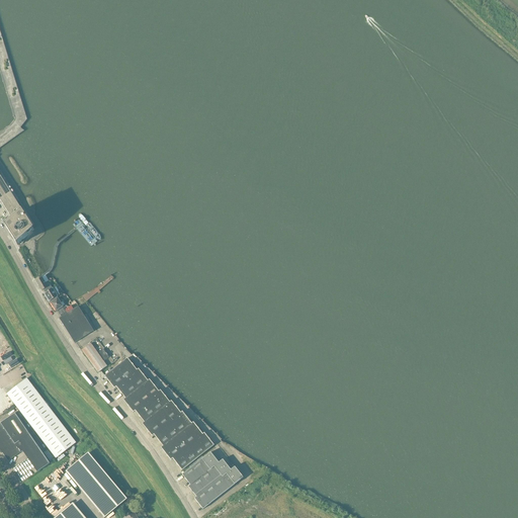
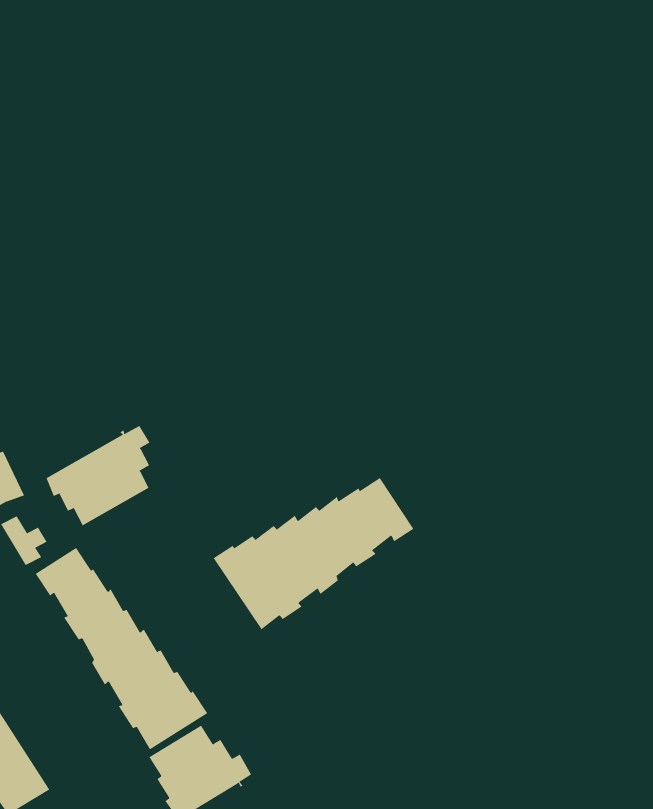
building: none -> [46,425,150,526]
building: none -> [213,477,414,630]

